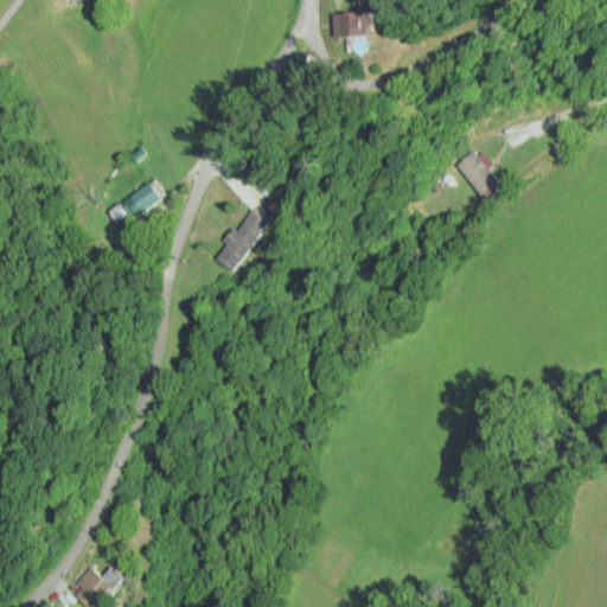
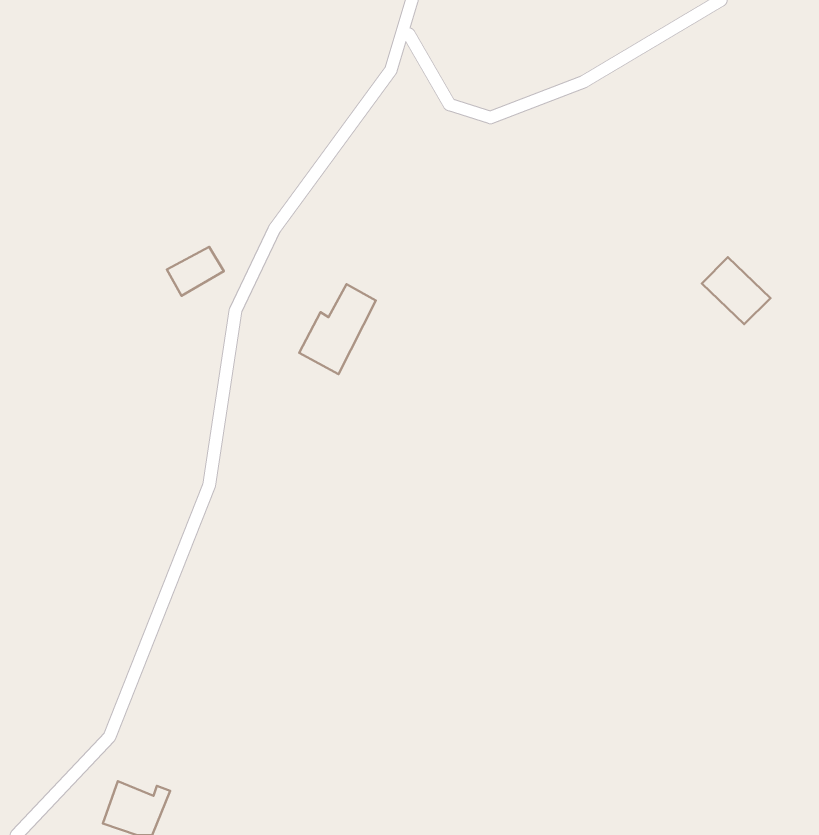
building: [336,12,371,36] -> none
building: [452,149,501,198] -> [702,257,770,324]

